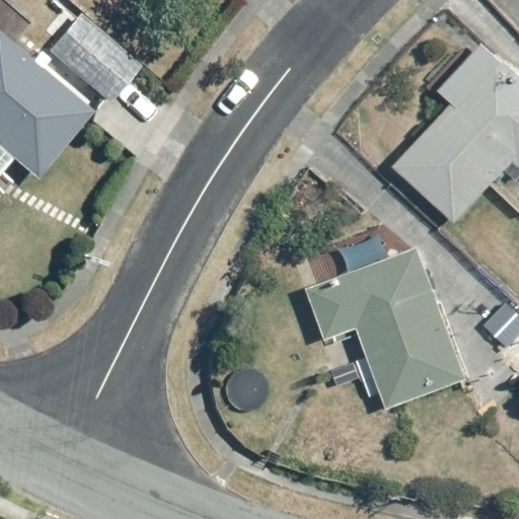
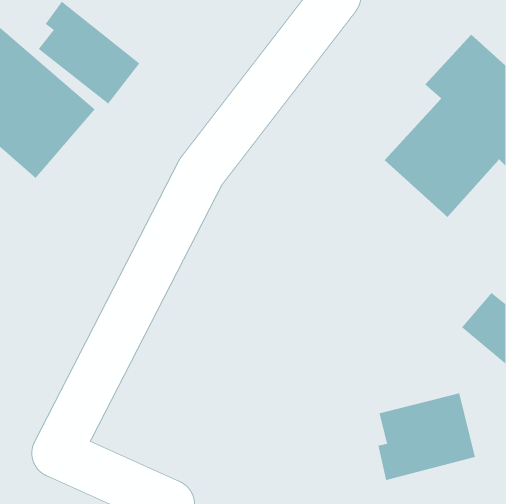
building: [309,251,464,404] -> none
building: none -> [378,393,476,481]

